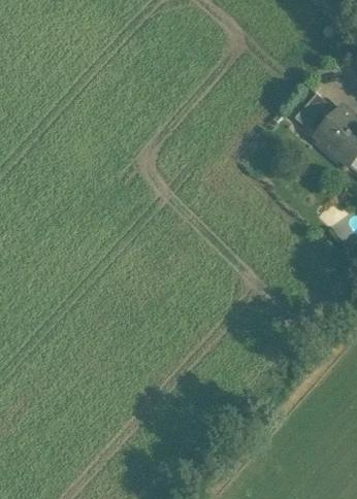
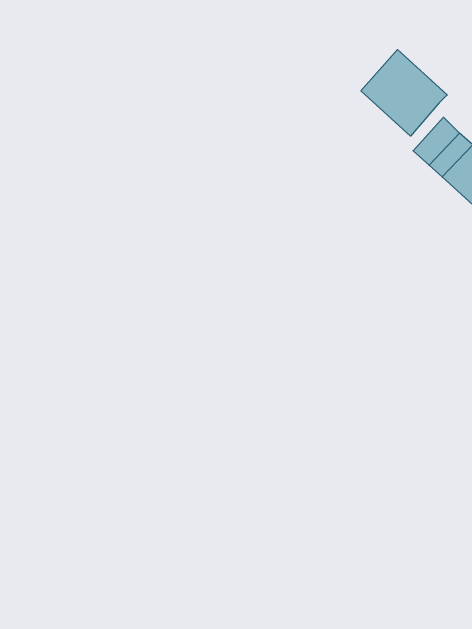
building: none -> [361,50,447,136]

